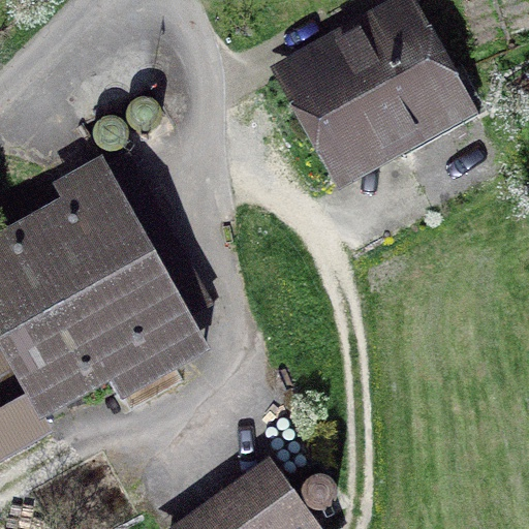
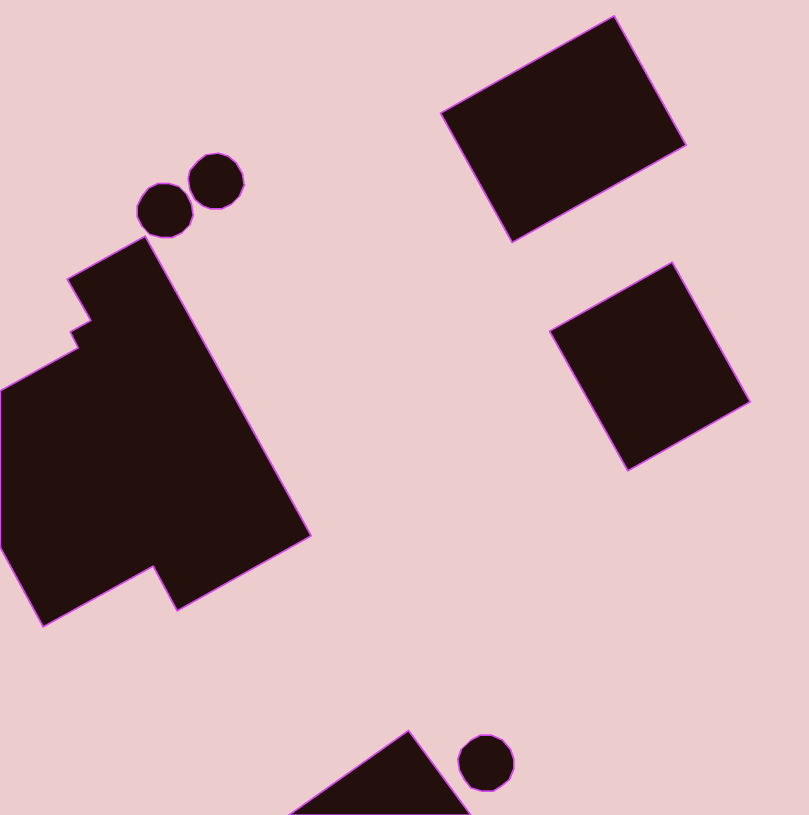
building: none -> [549,262,750,471]

